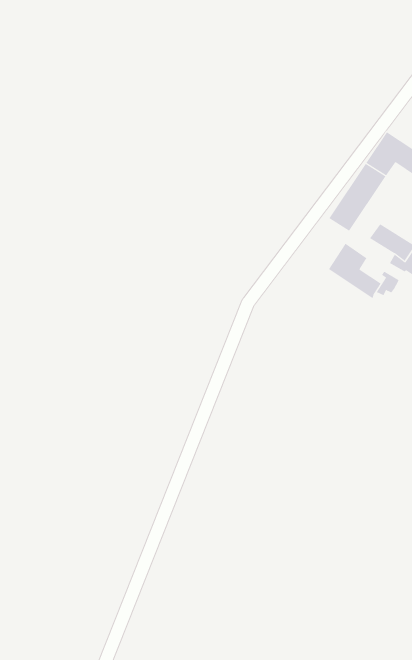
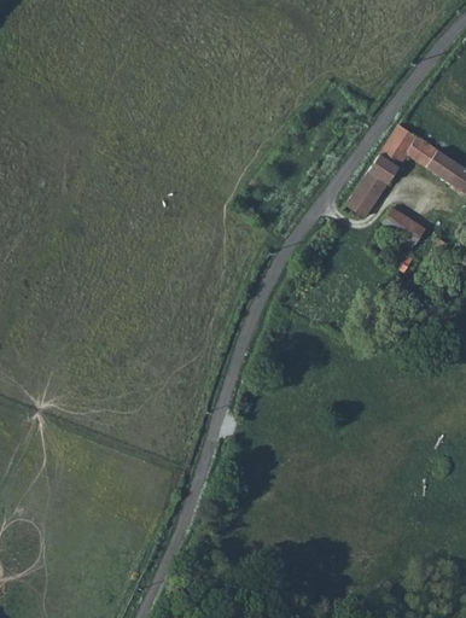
building: [328,243,381,299] -> none

